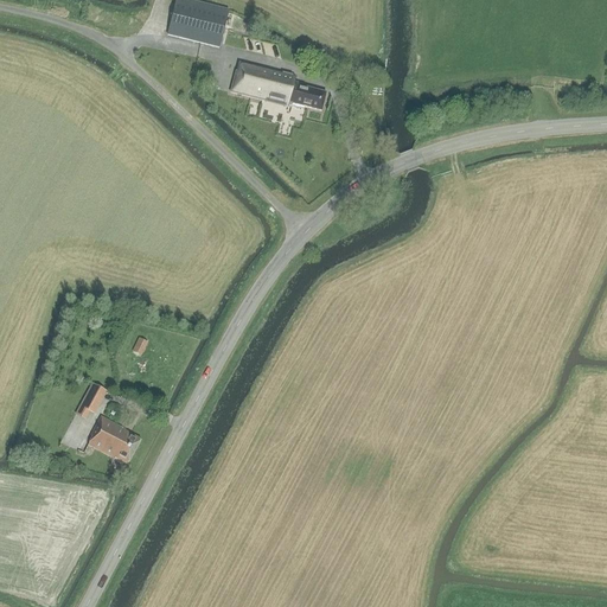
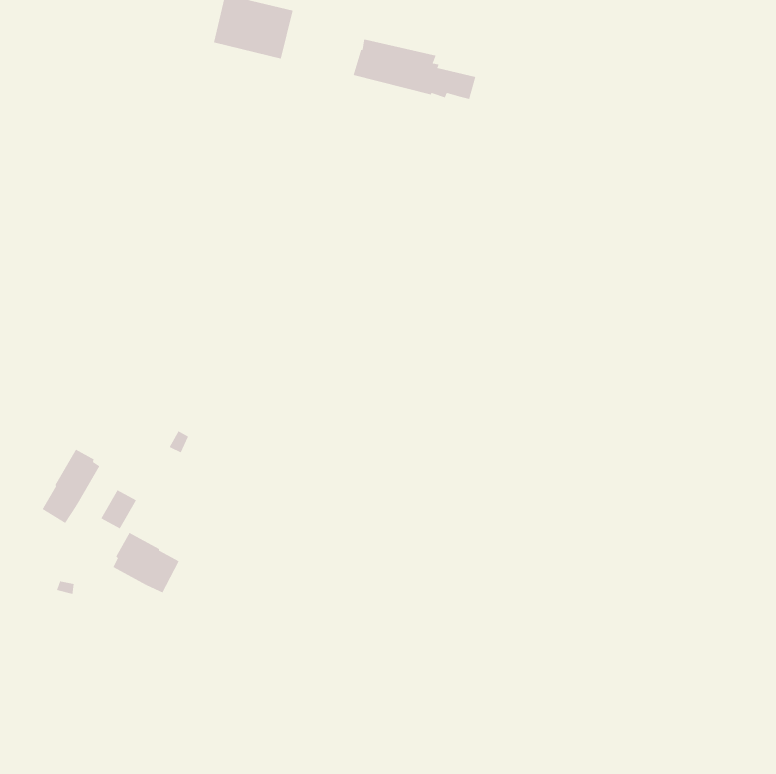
building: [231,62,327,109] -> [353,39,476,100]
building: none -> [42,449,100,524]

